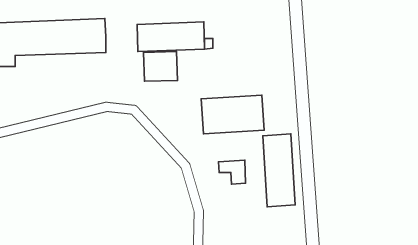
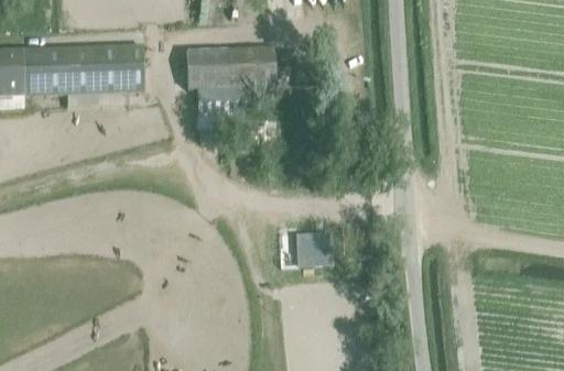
building: [201,95,264,134] -> none
building: [263,134,295,207] -> none

